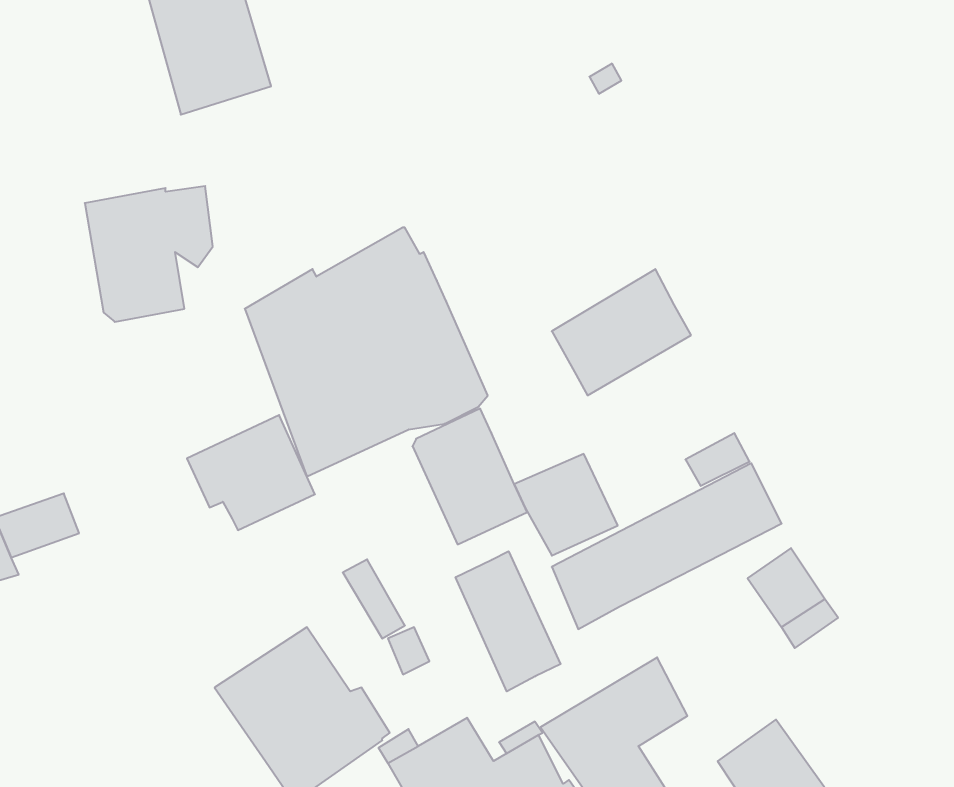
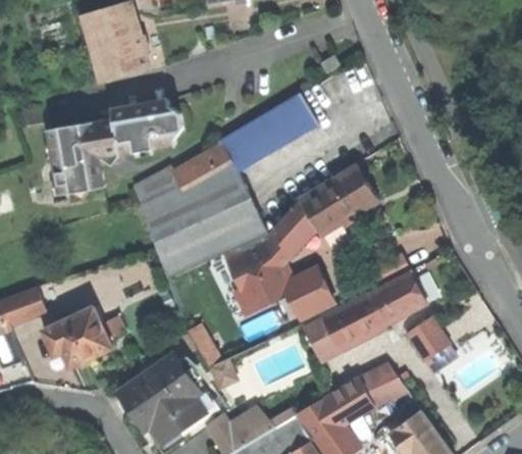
building: none -> [219,92,319,171]
building: none -> [111,98,182,153]
building: none -> [262,199,314,254]
building: [187,415,315,530] -> [43,306,112,368]
building: [456,551,561,691] -> none
building: none -> [358,362,406,407]

